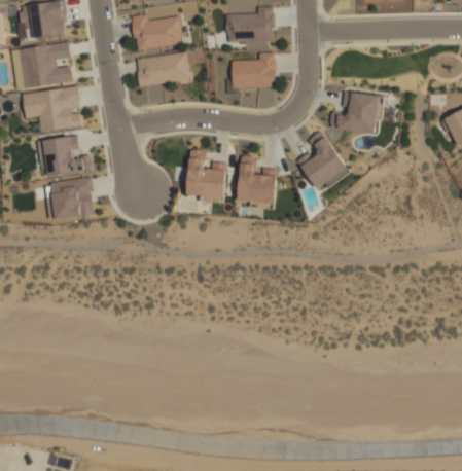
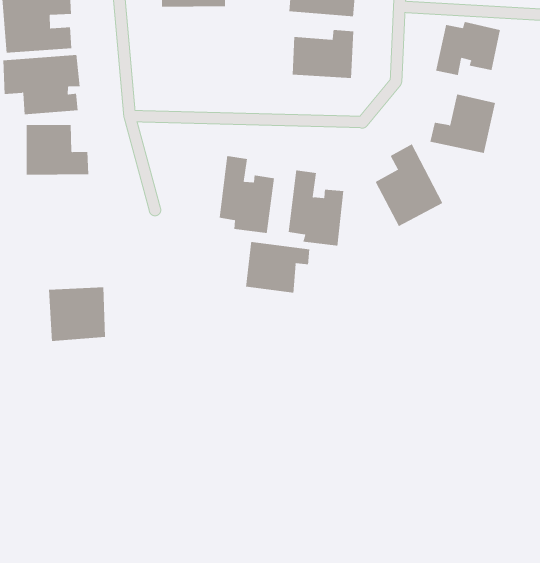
building: none -> [436,21,501,76]
building: [137,53,188,84] -> none
building: [49,177,94,219] -> [48,287,106,341]
building: none -> [245,241,310,293]

